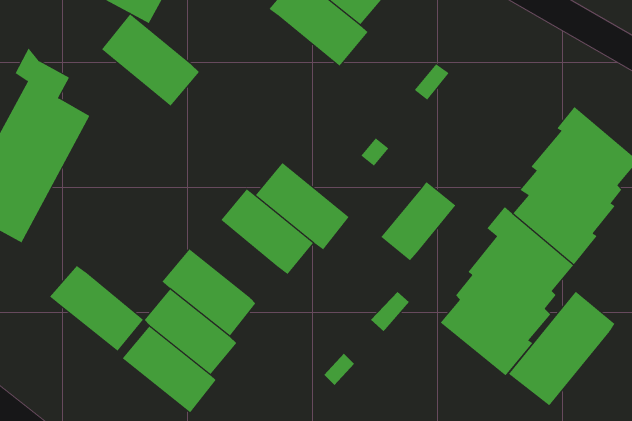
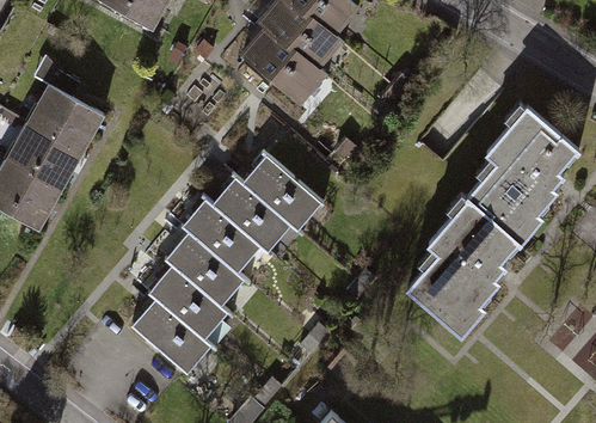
building: [101,13,200,107] -> [238,27,324,109]
building: [380,181,456,261] -> none
building: [49,265,144,351] -> [179,198,262,274]
building: [508,291,615,406] -> none

